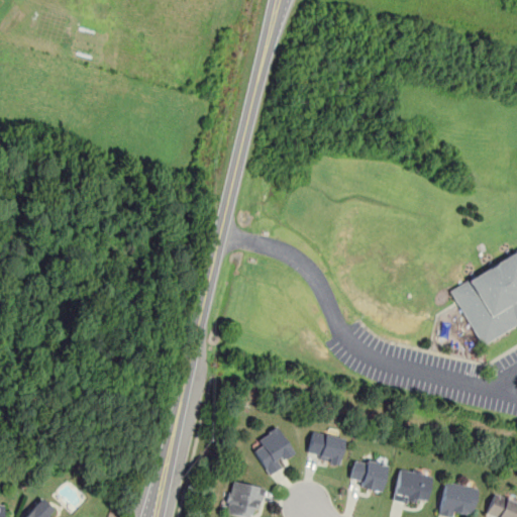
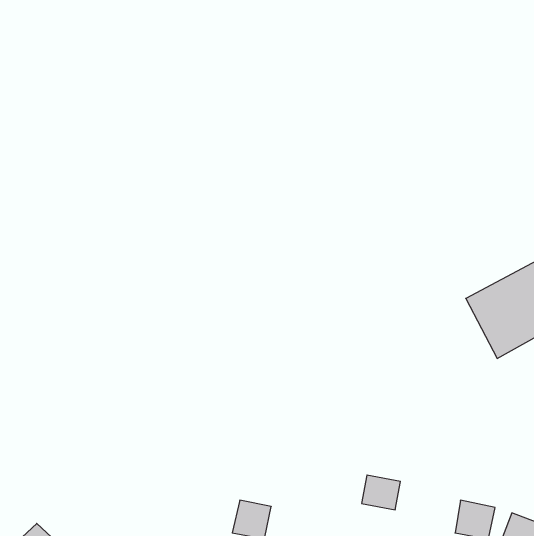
building: [251,428,296,473] -> none
building: [308,431,345,463] -> none
building: [395,468,432,505] -> none

